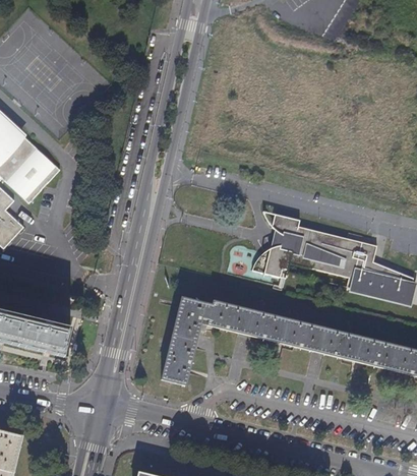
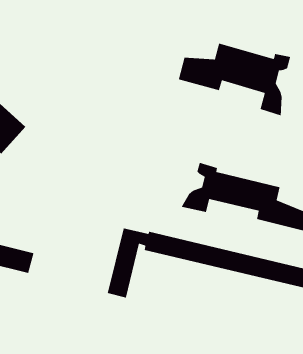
building: none -> [178,43,291,117]

